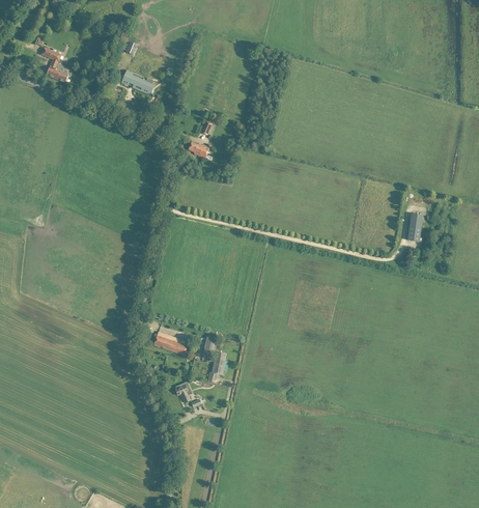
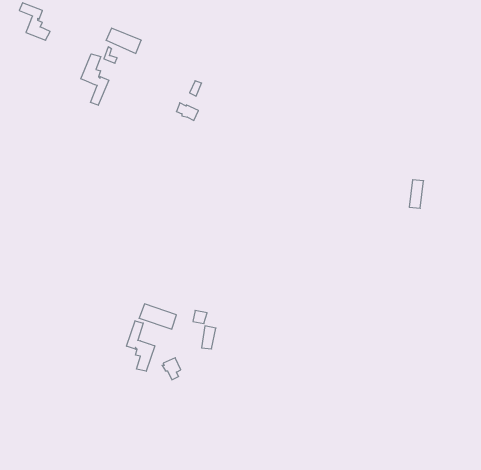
building: none -> [81,54,109,105]
building: none -> [127,321,155,371]

